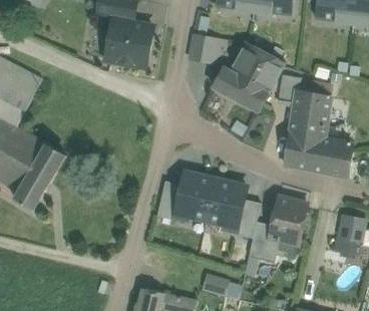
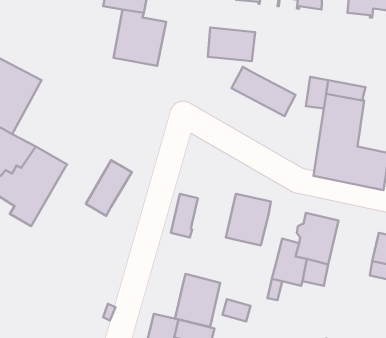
building: [231,42,285,92] -> none
building: none -> [86,160,132,216]
building: [175,173,216,220] -> [175,274,220,327]
building: [235,200,261,238] -> none

